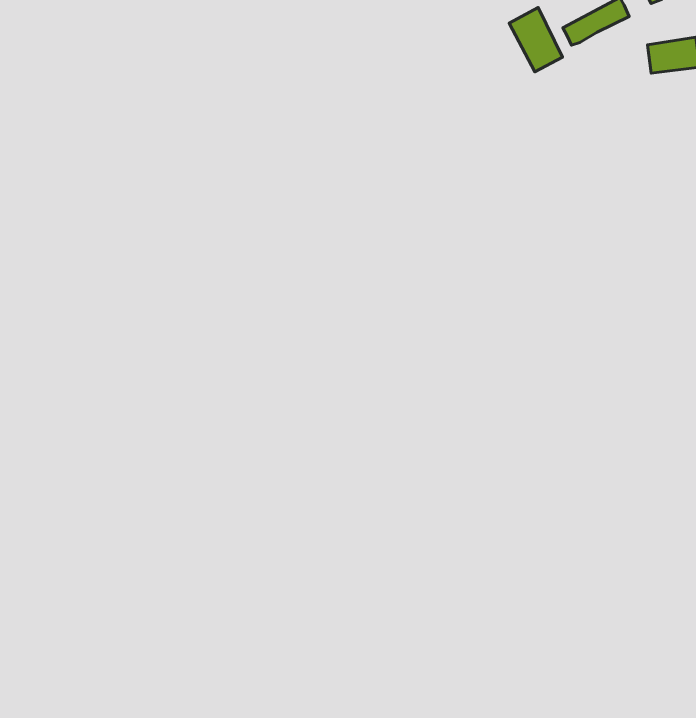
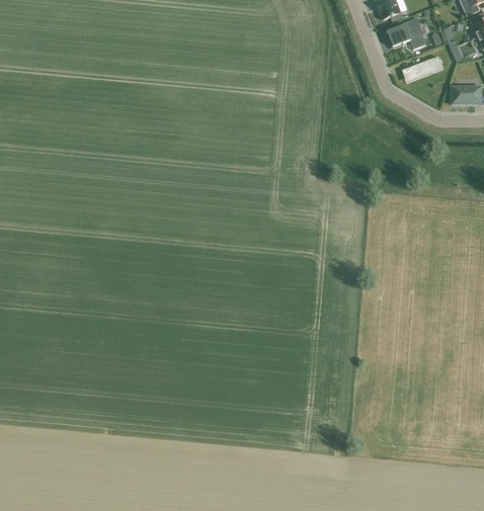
building: [509,8,562,72] -> none

